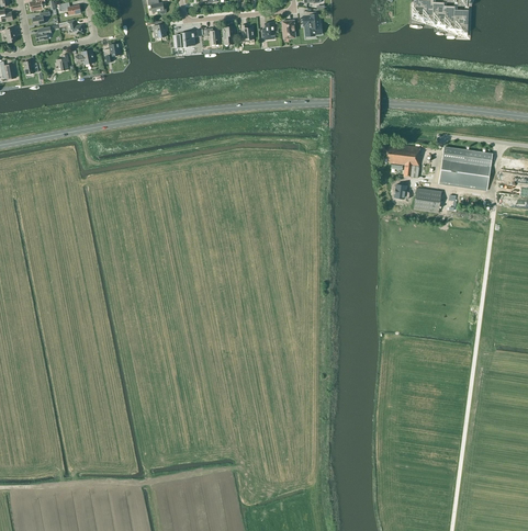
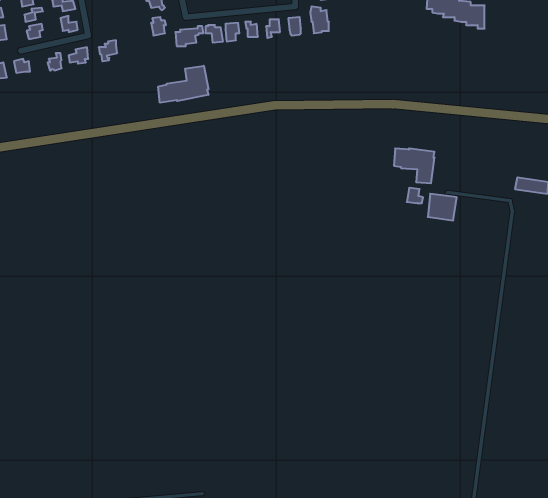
building: none -> [158,66,208,103]
building: [438,146,491,189] -> none

